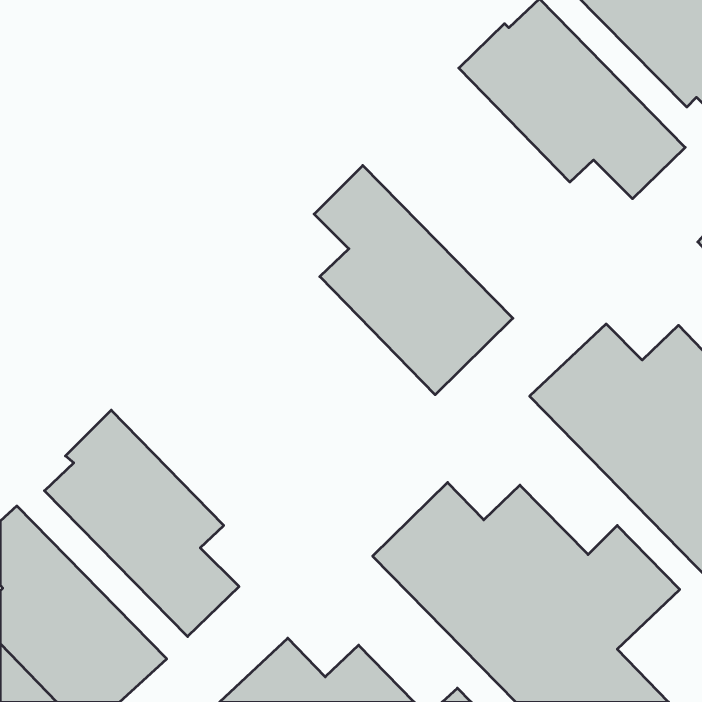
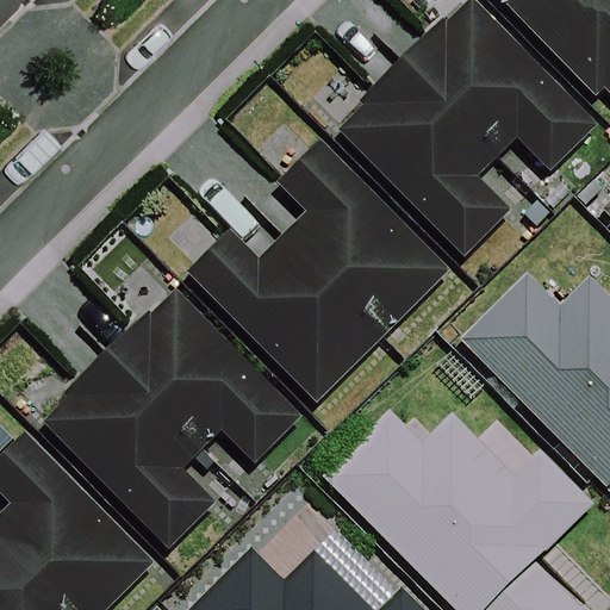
building: none -> [341,58,509,256]
building: none -> [188,230,380,400]
building: none -> [102,291,299,462]

